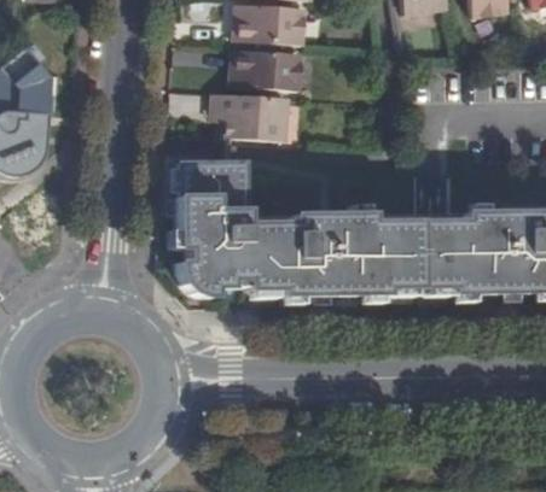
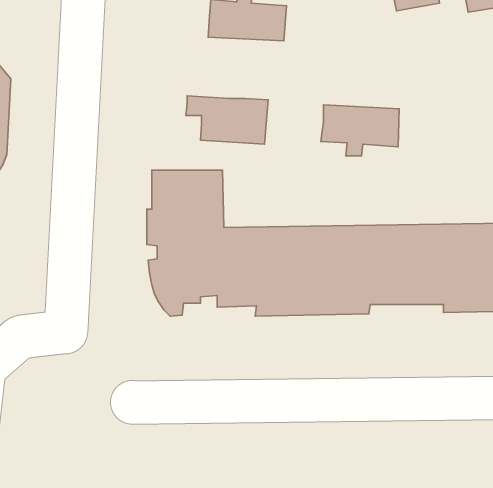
building: [228,49,301,96] -> [321,105,399,156]

